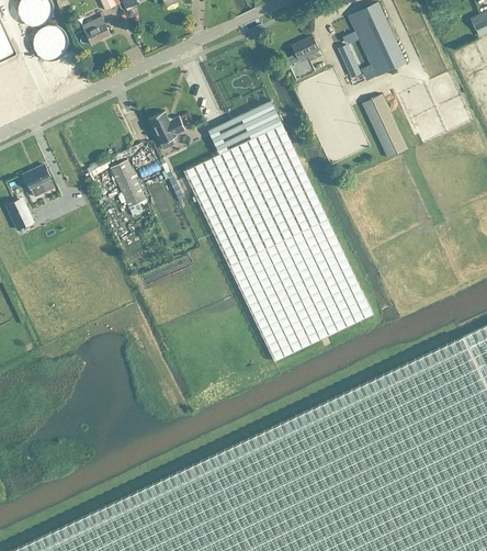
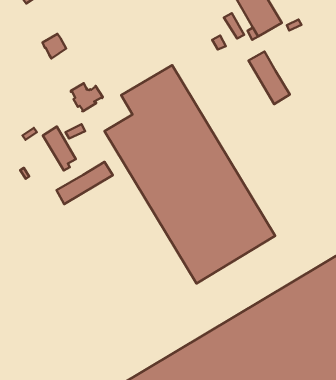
building: [82,18,110,46] -> [42,34,66,58]
building: [292,36,321,63] -> none
building: none -> [57,162,113,204]

